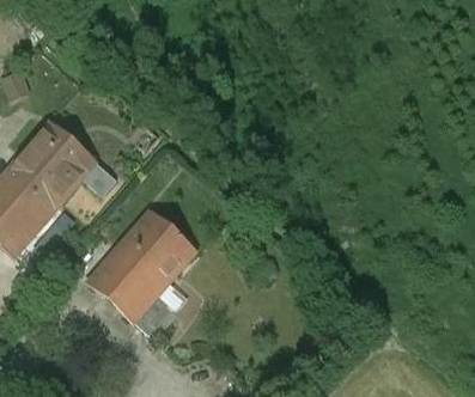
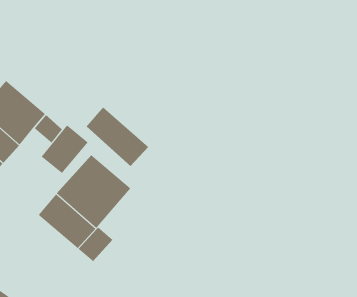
building: none -> [86,106,149,167]
building: none -> [41,125,88,174]

